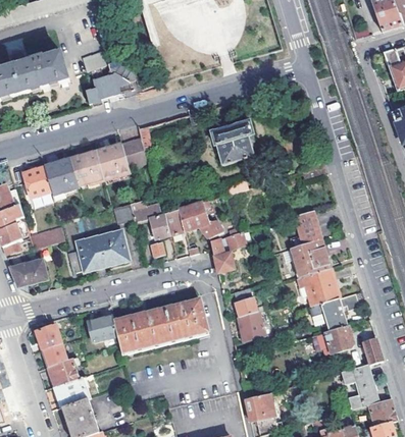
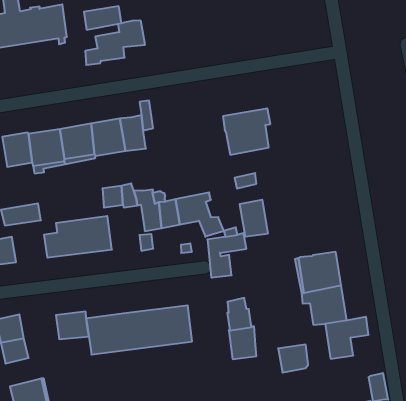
building: [295,210,322,243] -> [240,200,268,237]
building: [324,326,352,352] -> [278,345,308,373]
building: [48,359,79,387] -> none

